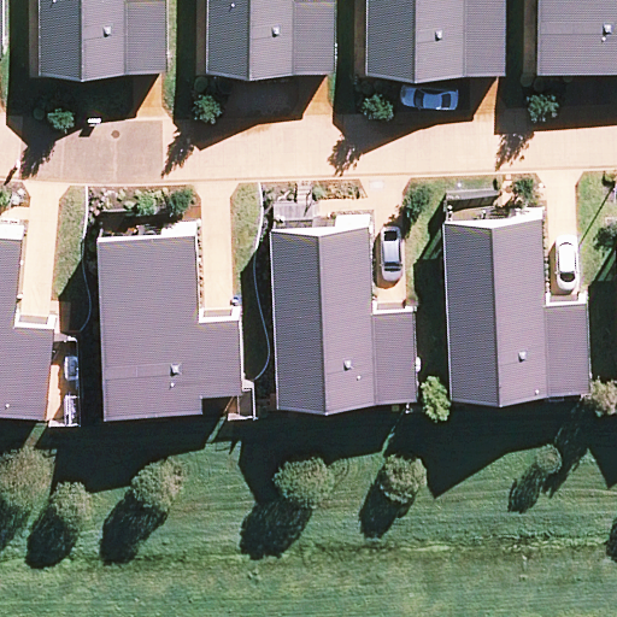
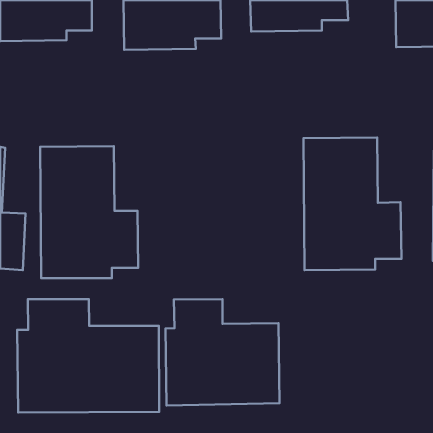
building: [257,212,393,394] -> none
building: none -> [17,299,159,413]
building: none -> [166,299,280,406]

